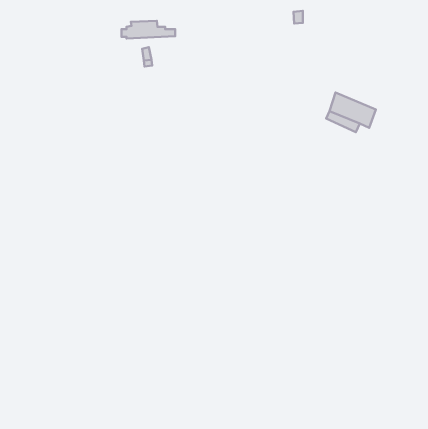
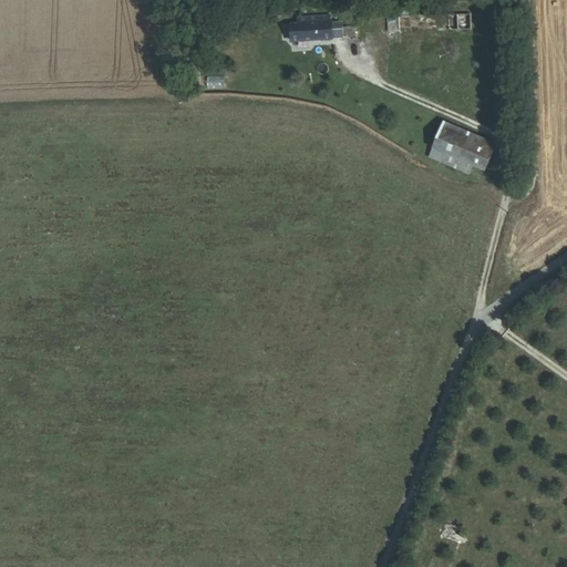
building: [121,21,175,39] -> [284,16,354,39]

